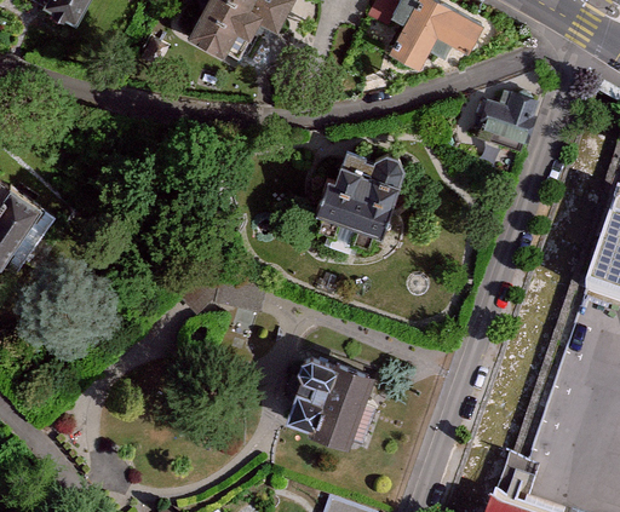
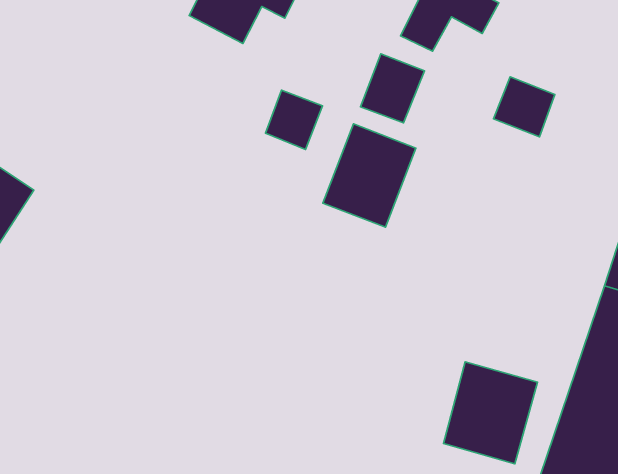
building: none -> [360,54,425,123]
building: none -> [265,90,322,150]
building: [288,351,378,448] -> [443,362,538,464]

